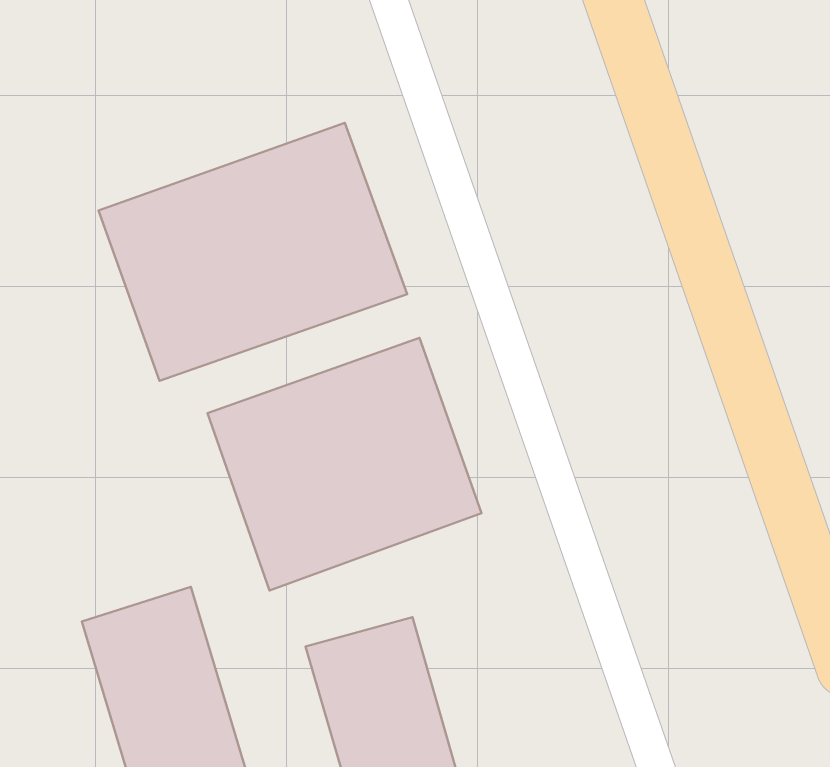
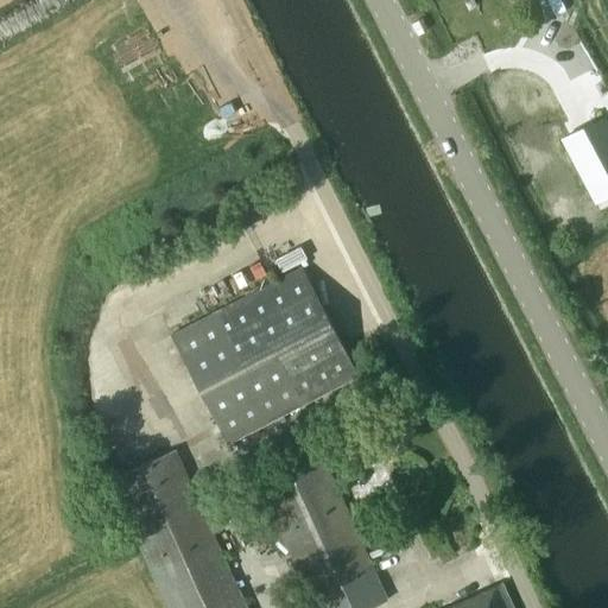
building: [99,123,407,381] -> none

